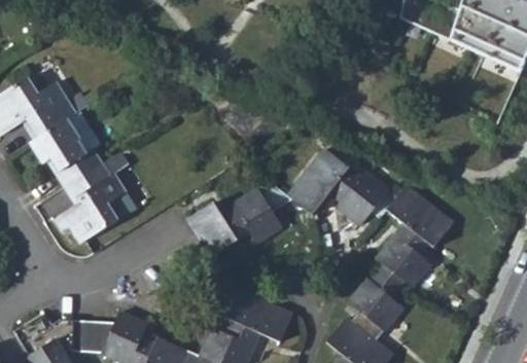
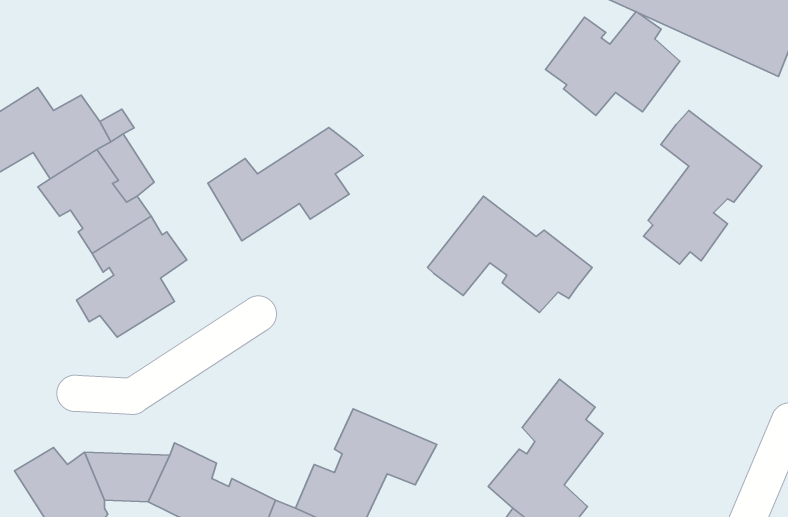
building: none -> [545,12,680,116]
building: [187,182,290,257] -> [208,127,363,241]
building: [374,187,452,289] -> [644,110,762,264]

